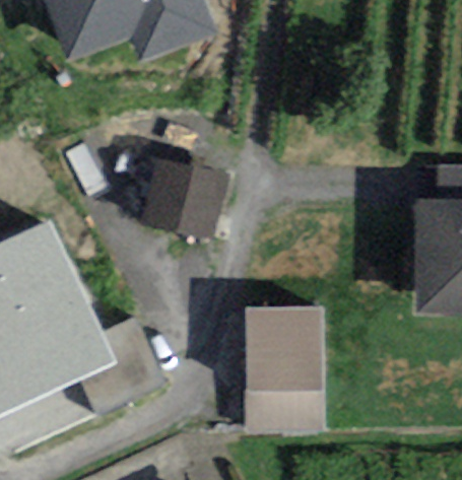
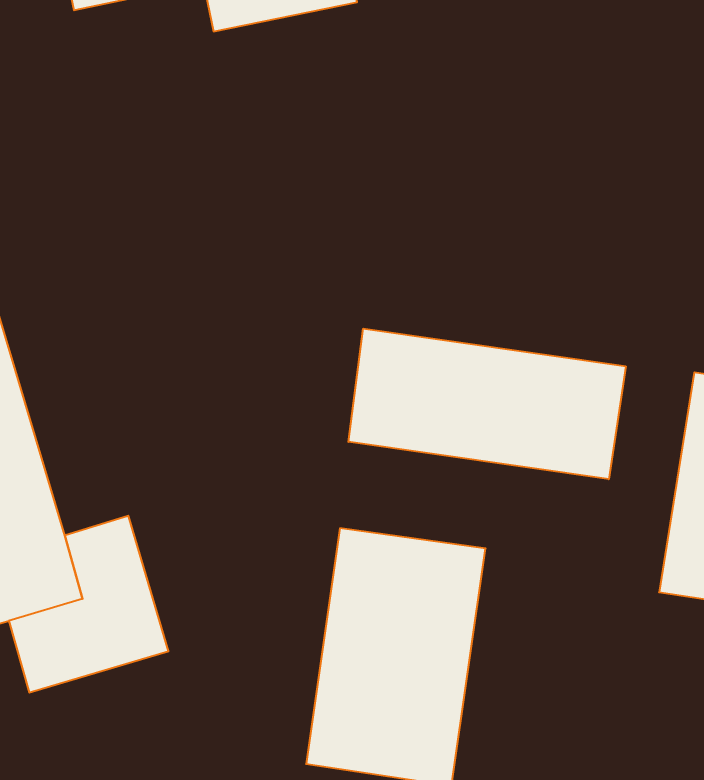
building: [142,162,227,241] -> none
building: none -> [348,329,626,479]

